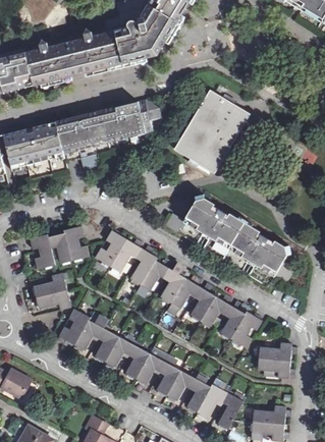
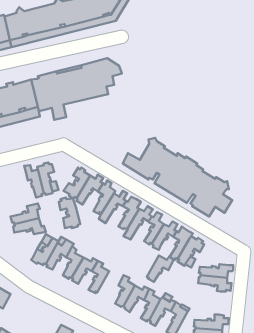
building: [173,89,250,174] -> none
building: [30,232,55,269] -> [59,198,80,228]
building: [134,352,166,384] -> [147,256,174,282]

